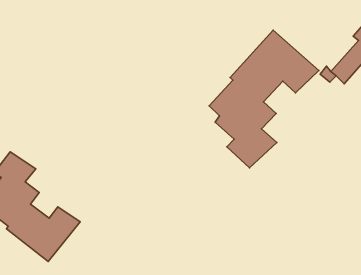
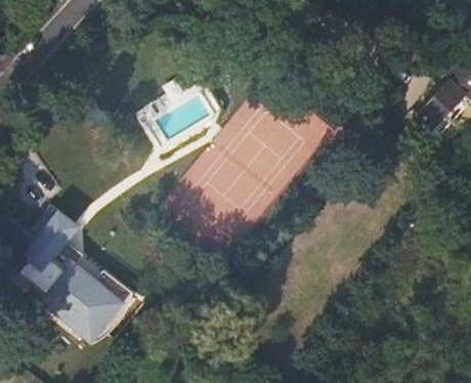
building: [209,30,319,168] -> none

